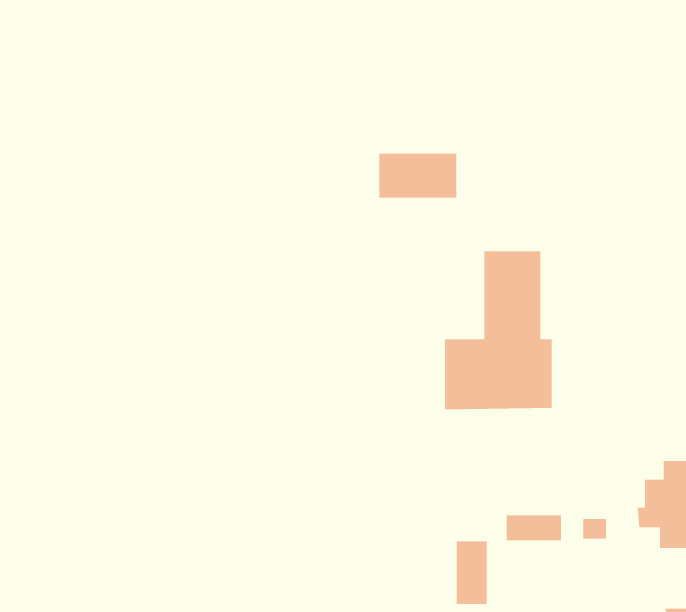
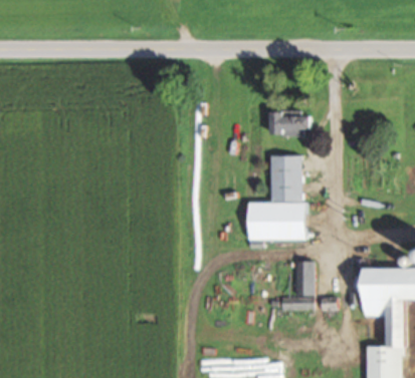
building: [379,153,457,198] -> [269,111,312,135]
building: [456,541,488,604] -> [296,262,314,296]

